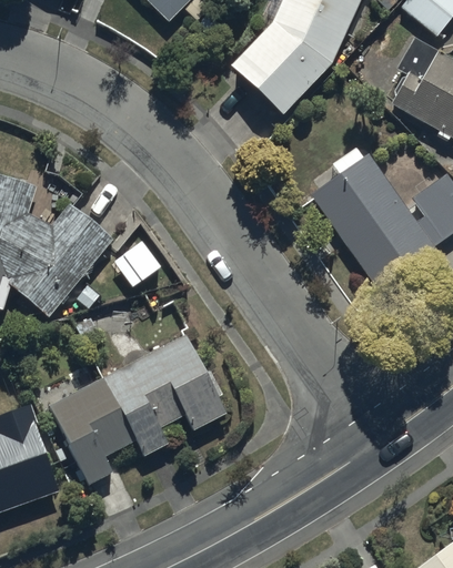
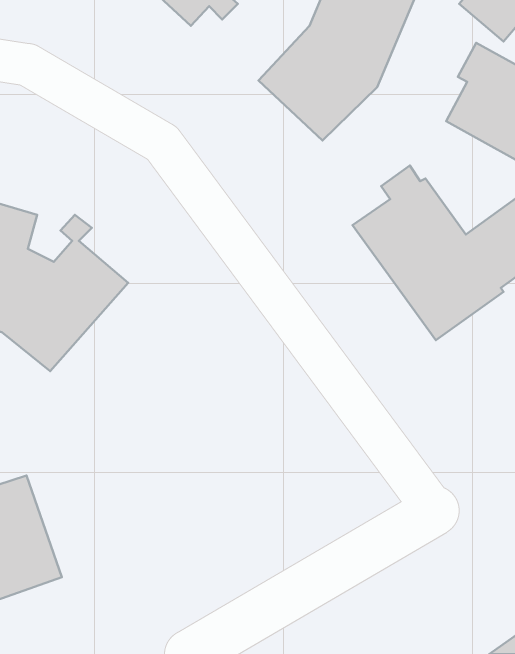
building: [47,329,228,486] -> none

